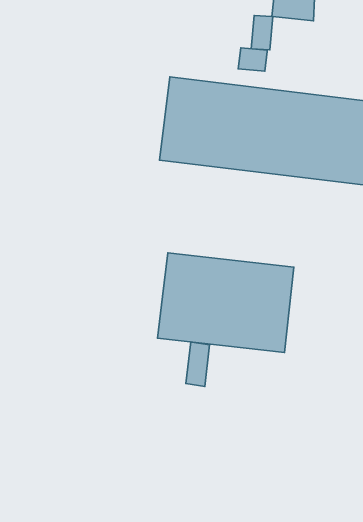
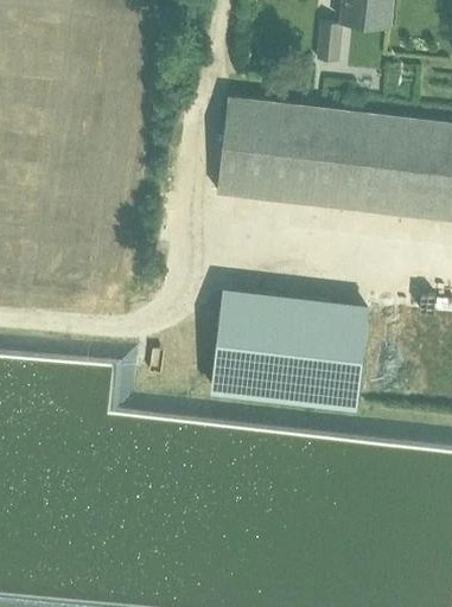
building: [238,48,267,71] -> none
building: [186,342,210,387] -> none

